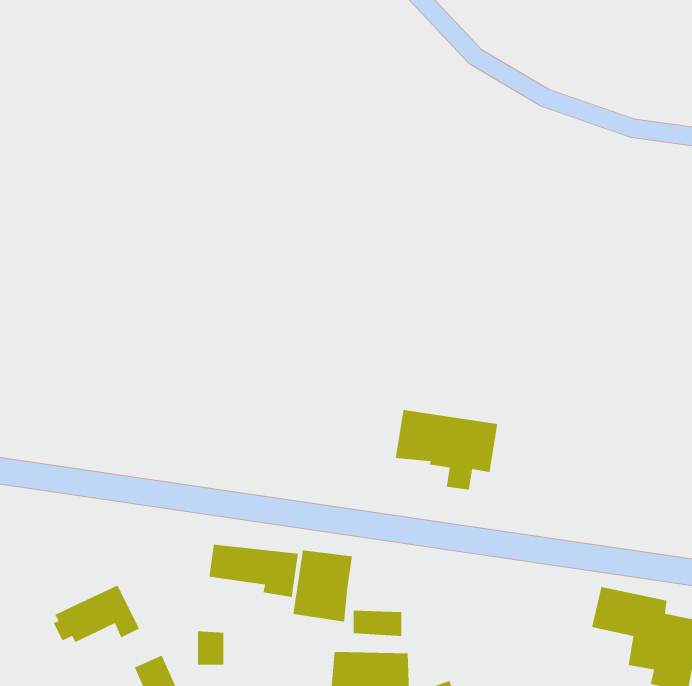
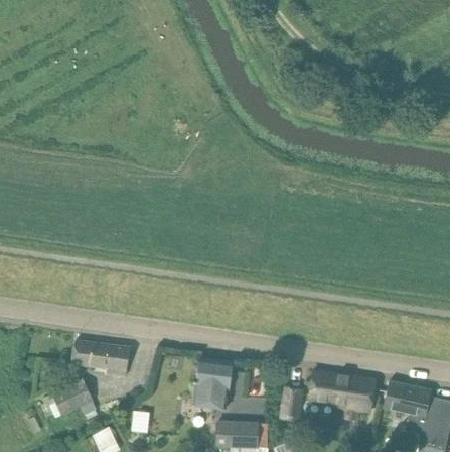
building: [395,409,498,490] -> [310,370,376,422]
building: [208,544,299,598] -> [72,341,130,375]
building: none -> [279,386,304,423]

